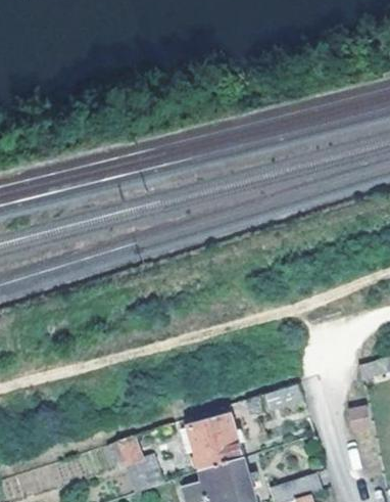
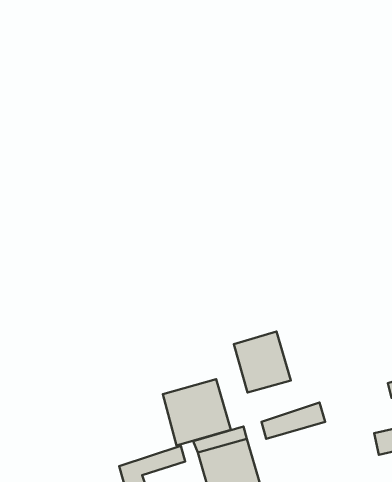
building: none -> [234,331,291,393]
building: none -> [163,379,231,445]

